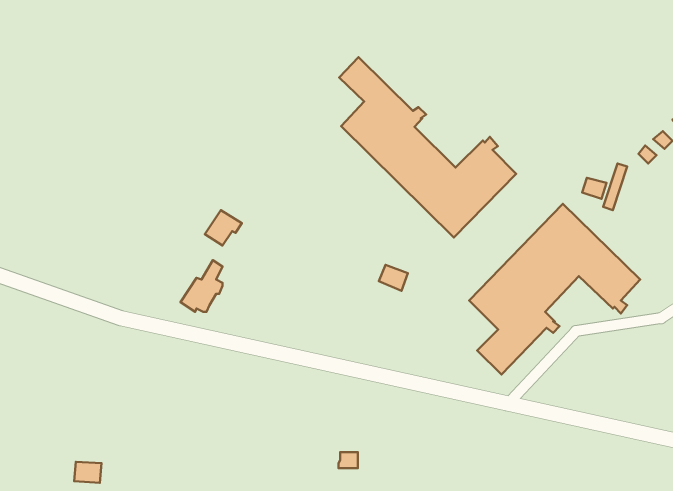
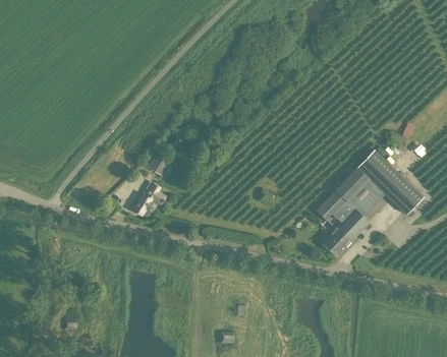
building: [339,57,516,237] -> none

